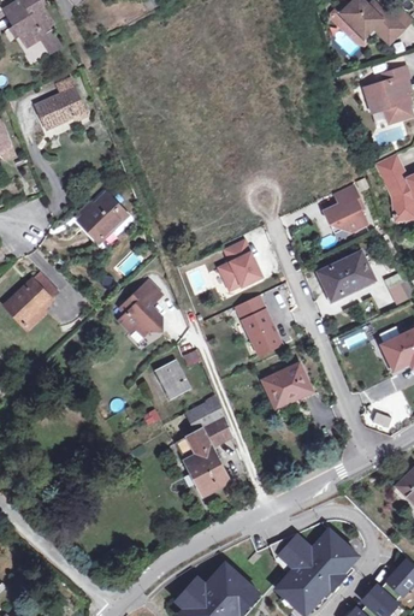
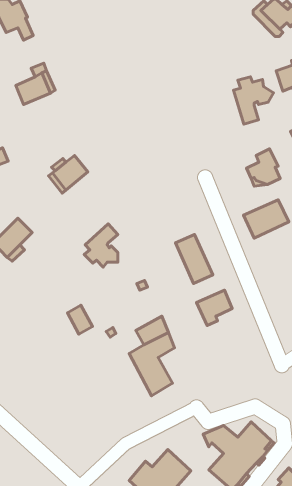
building: none -> [233,77,273,124]
building: [219,239,261,289] -> none
building: [159,361,190,397] -> [67,305,92,334]

